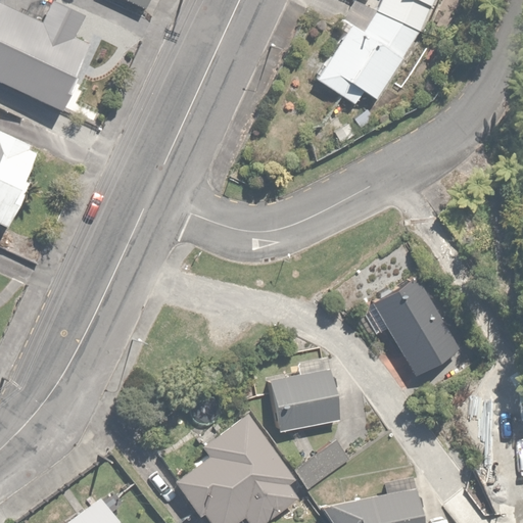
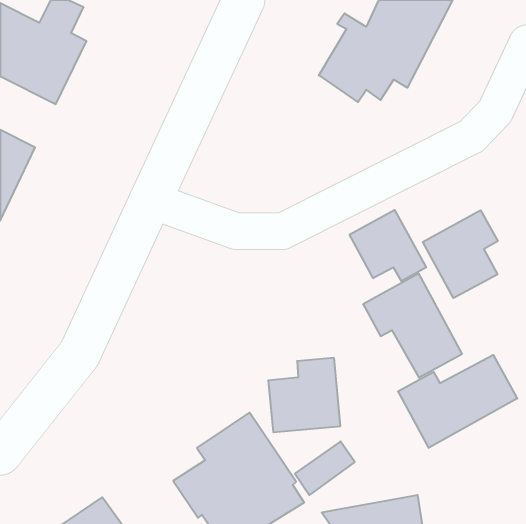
building: none -> [350,210,426,281]
building: none -> [423,210,498,298]
building: none -> [398,355,517,448]

